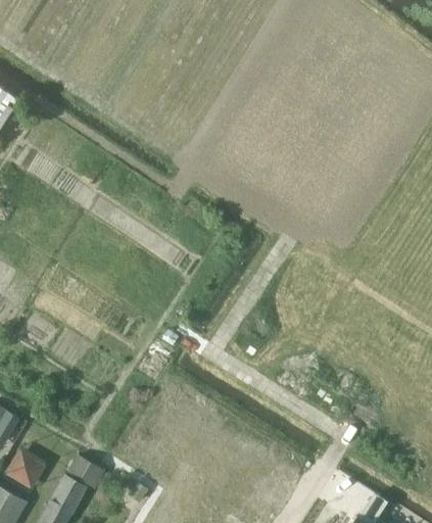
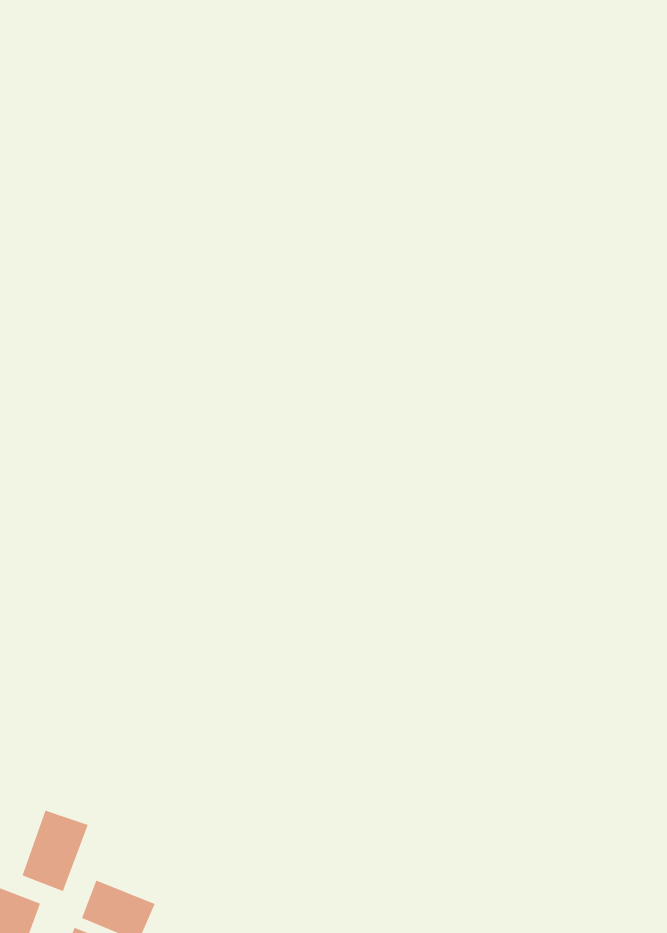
building: none -> [22,810,88,892]

